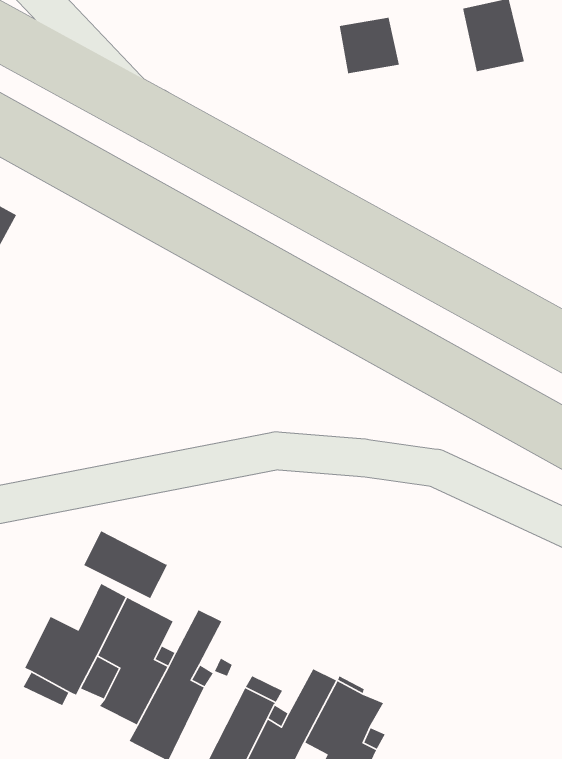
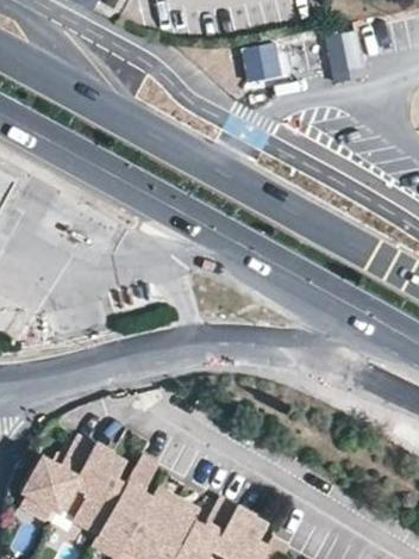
building: [83,530,169,599] -> none

